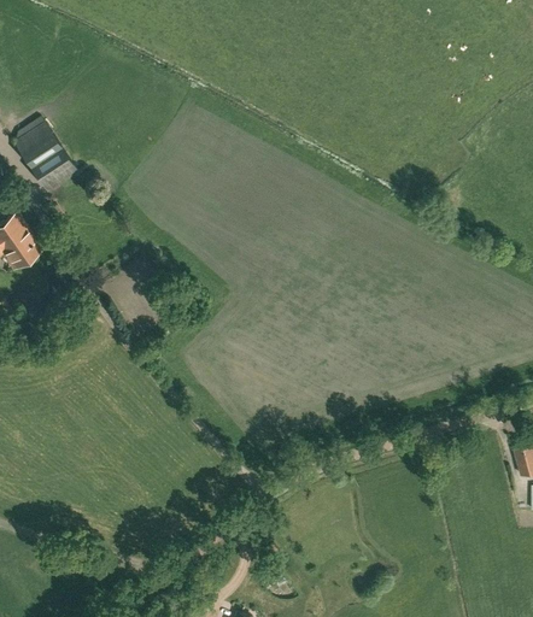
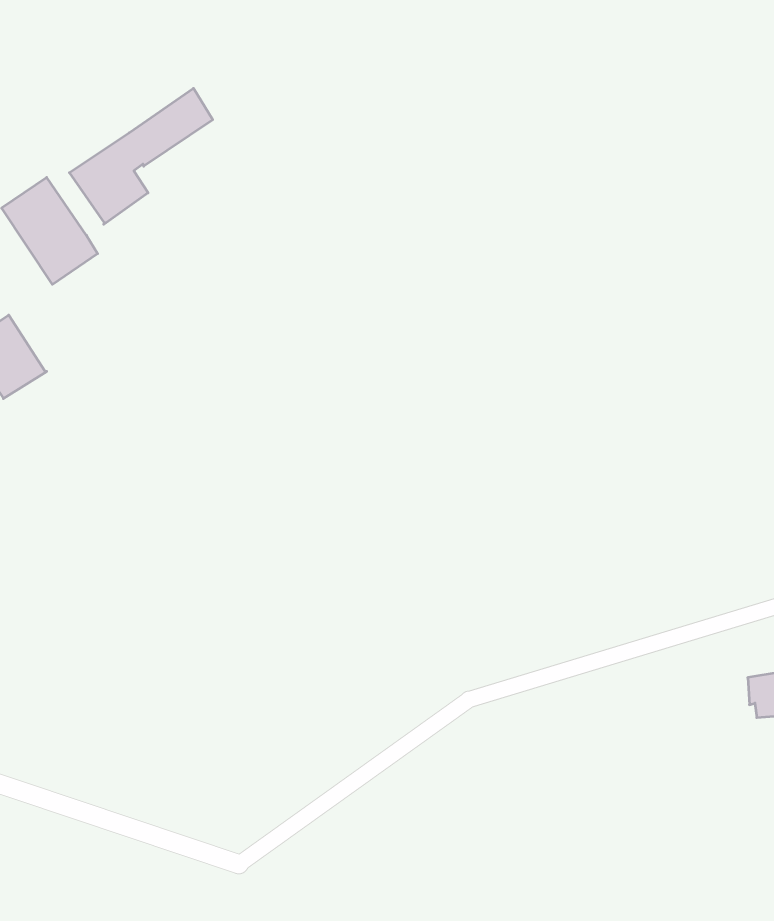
building: none -> [69,88,213,224]

